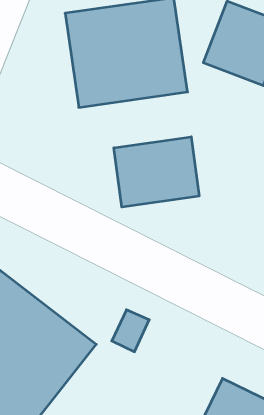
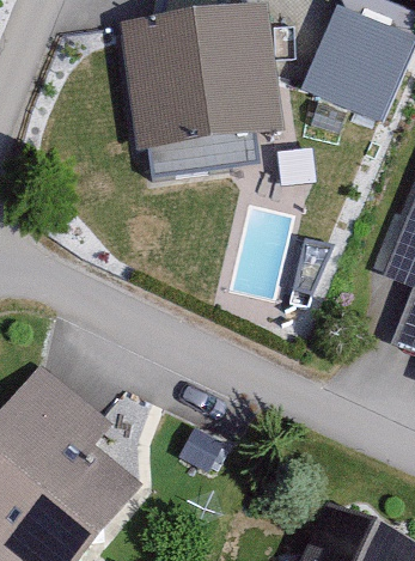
building: [114,137,199,207] -> none

